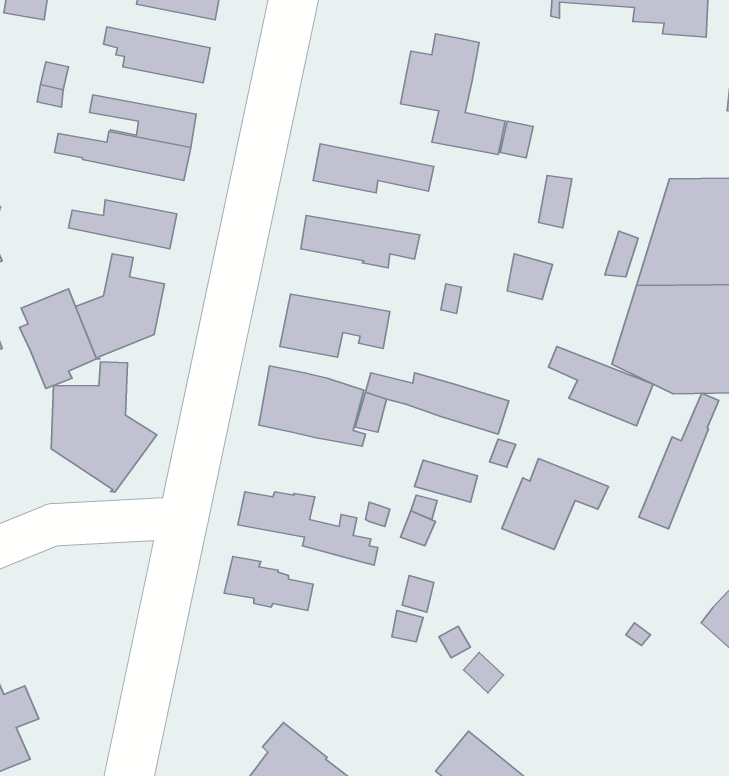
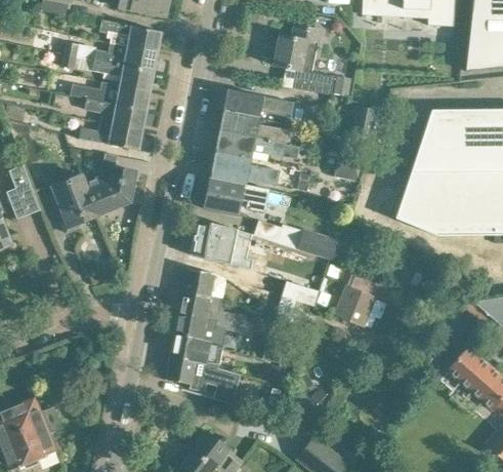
building: none -> [93,44,158,72]
building: none -> [85,99,146,130]
building: none -> [218,111,287,143]
building: none -> [209,151,280,185]
building: [548,346,653,426] -> none
building: [51,362,157,492] -> none
building: [639,393,719,529] -> none
building: none -> [182,268,226,297]
building: none -> [175,313,250,348]
building: none -> [165,353,240,404]

